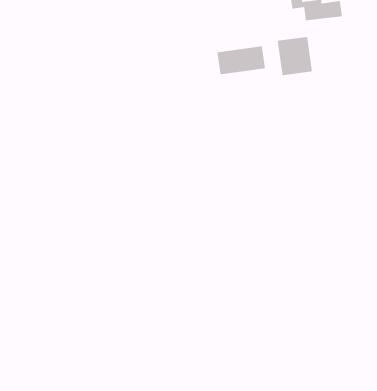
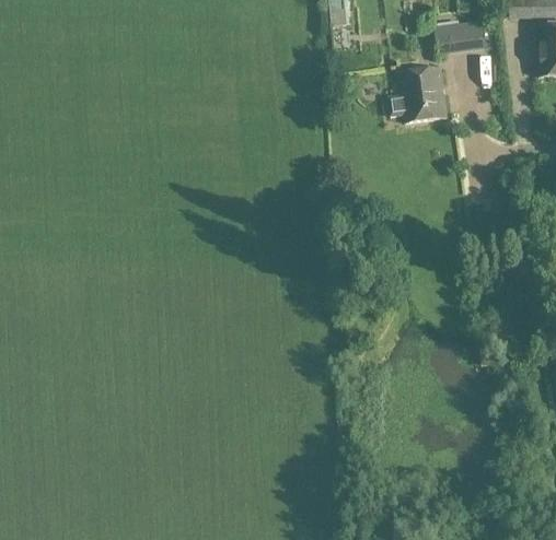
building: [216,46,266,75] -> none

